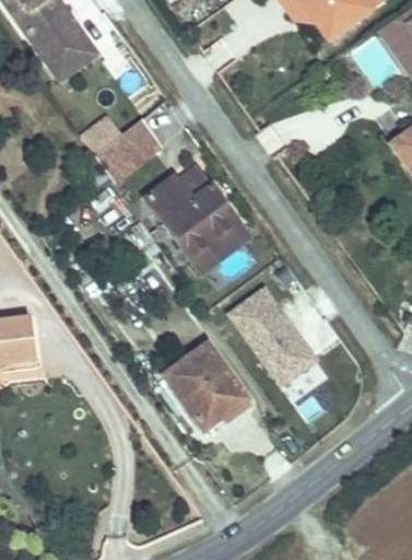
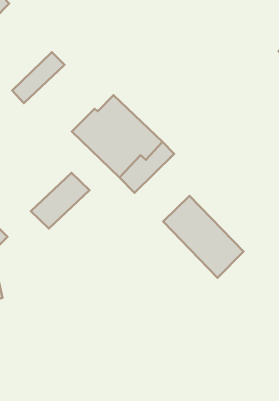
building: [93,119,163,178] -> [31,173,90,229]
building: [166,346,245,431] -> none

